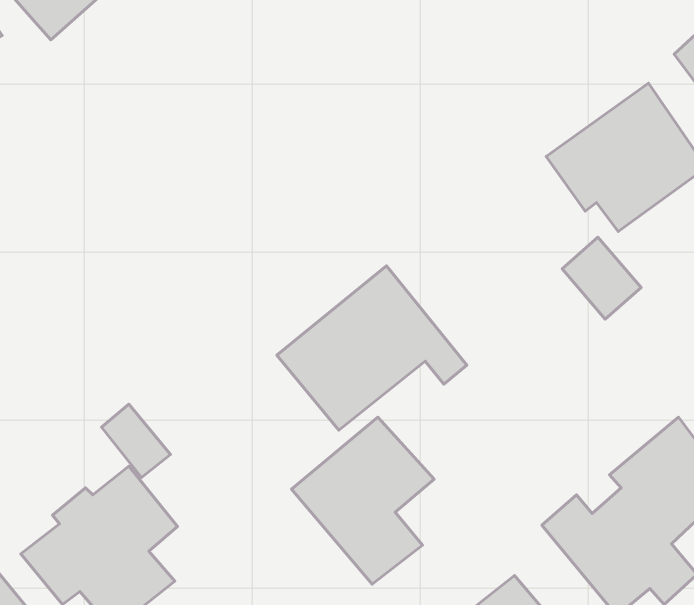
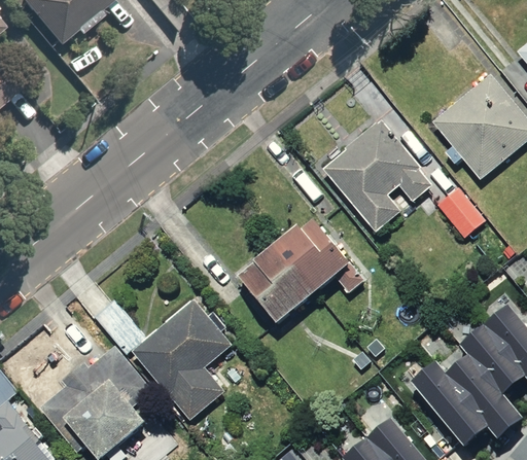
building: none -> [315,111,436,232]
building: [291,417,434,584] -> [134,302,236,421]

